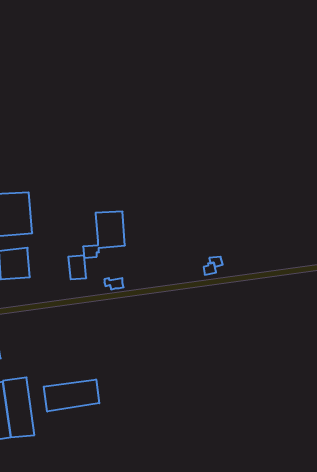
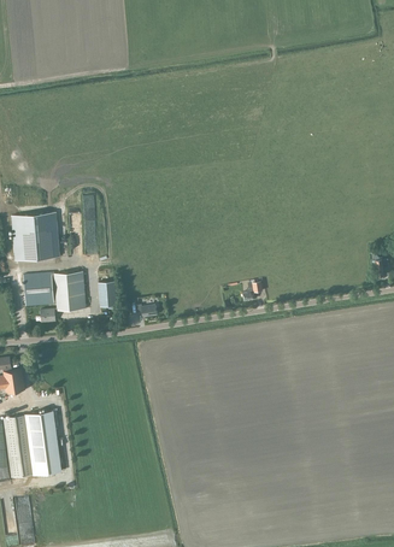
building: [83,212,125,258] -> [41,272,86,322]
building: [44,379,99,412] -> none

